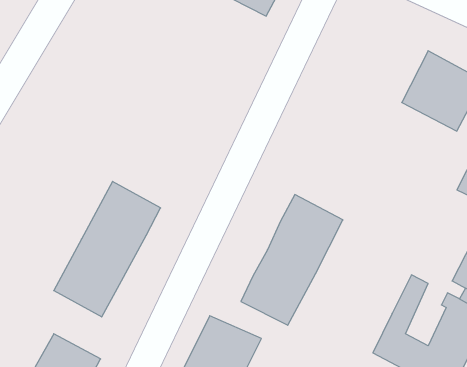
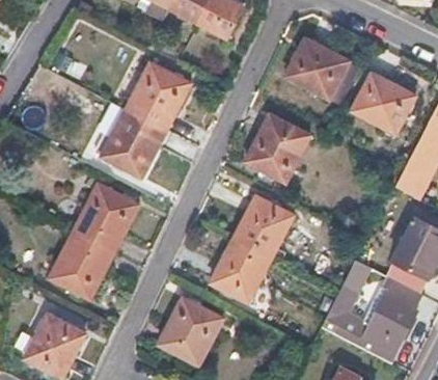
building: none -> [283,35,353,101]
building: none -> [99,58,195,179]
building: none -> [246,113,314,185]

